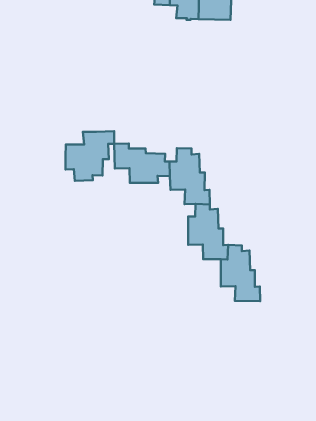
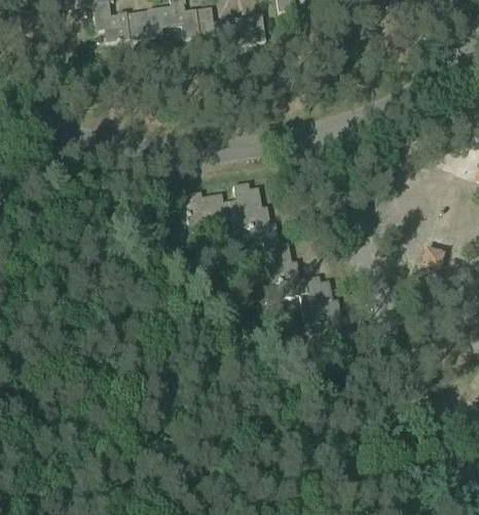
building: [65,131,114,181] -> none

